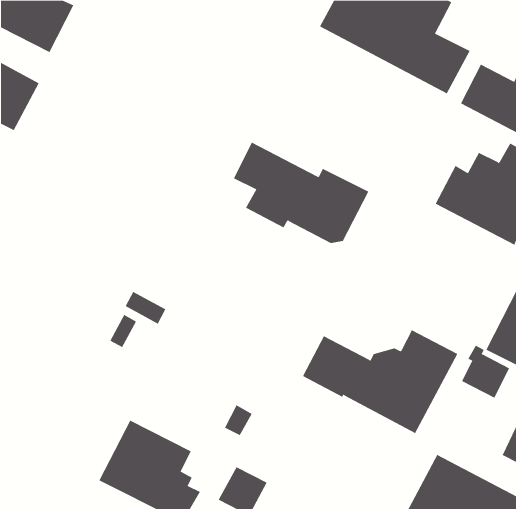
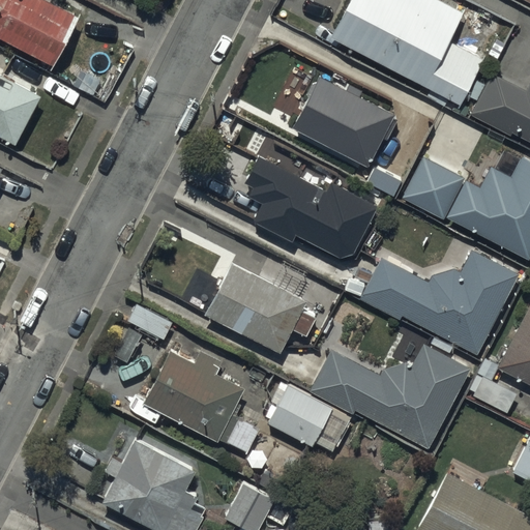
building: none -> [292,77,394,168]
building: none -> [403,157,465,219]
building: none -> [359,252,520,357]
building: none -> [204,261,317,353]
building: none -> [144,352,245,445]
building: none -> [269,386,332,446]

